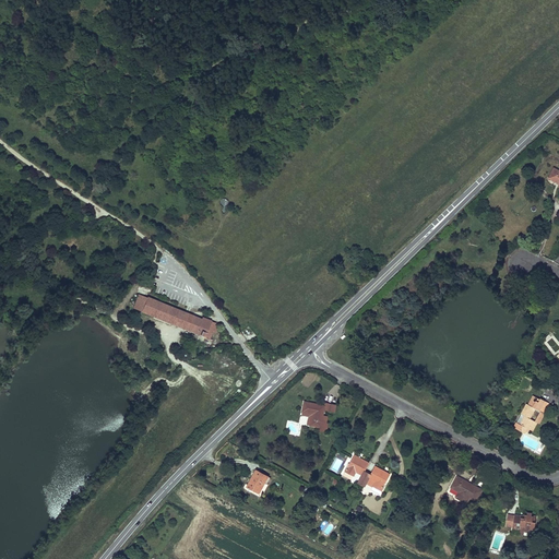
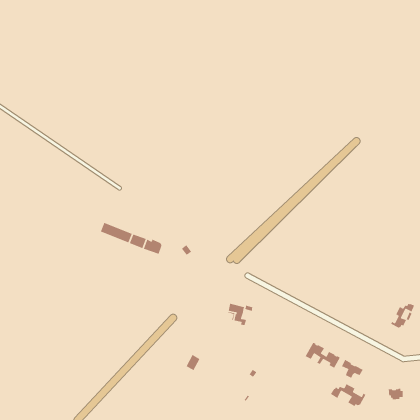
building: [342,454,390,490] -> [305,342,341,369]
building: none -> [330,383,367,407]

